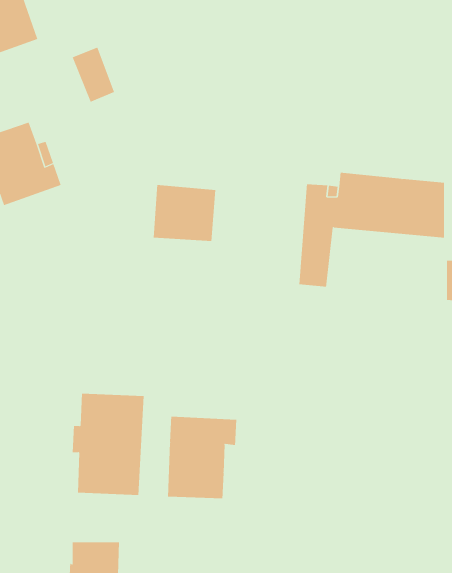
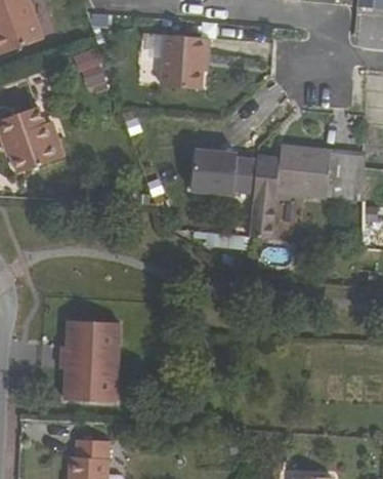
building: none -> [158,34,206,89]
building: [153,185,216,242] -> [189,148,240,193]
building: [167,416,237,499] -> none

